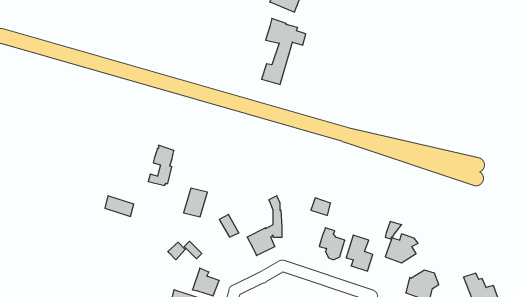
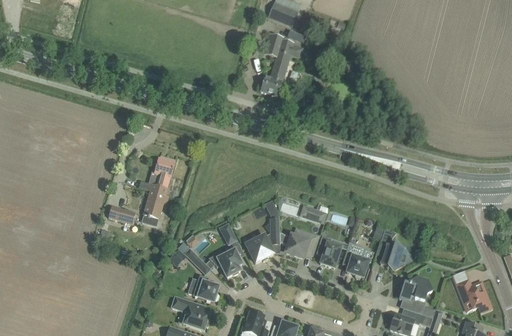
building: [184,188,207,217] -> [142,190,165,218]
building: none -> [285,229,316,257]
building: none -> [207,245,241,277]

